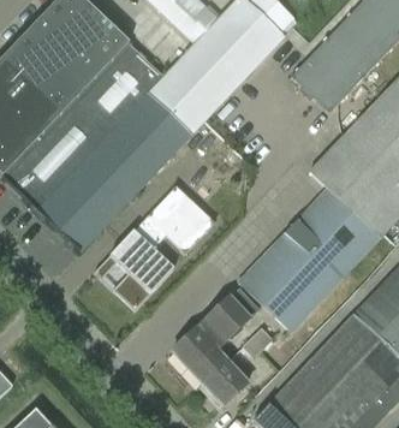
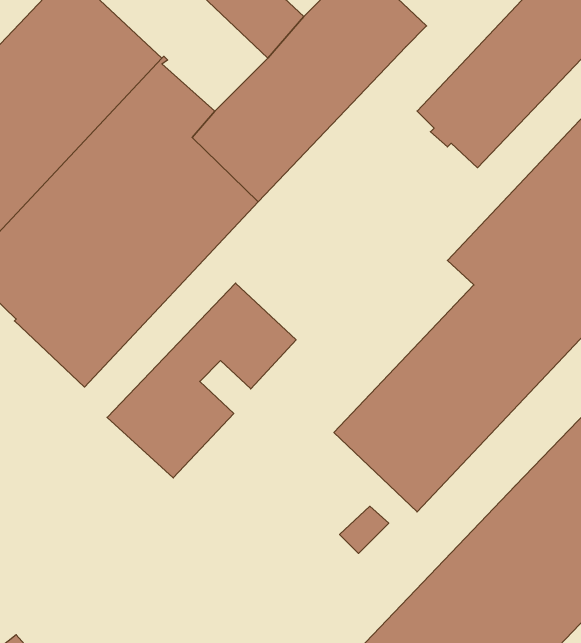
building: [172,287,260,405] -> none

